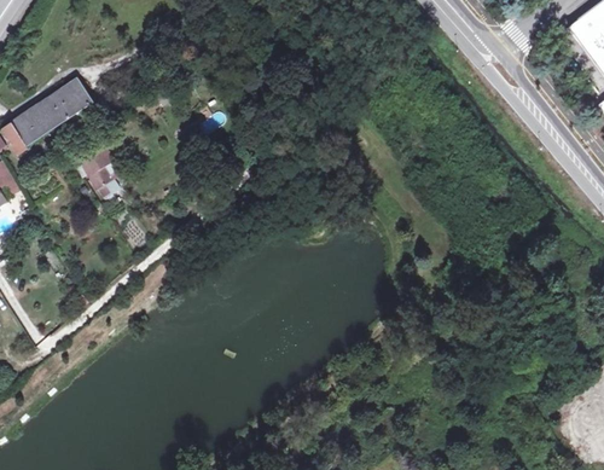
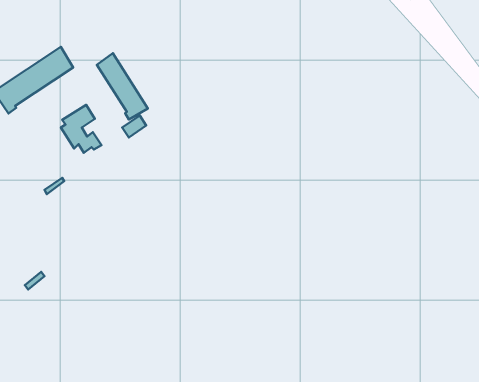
building: none -> [97,53,148,120]

